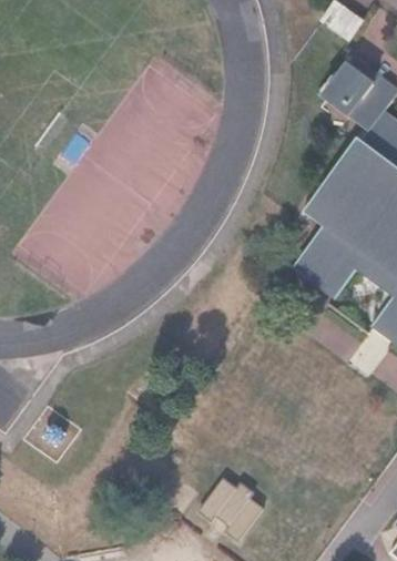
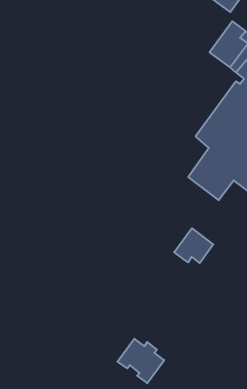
building: none -> [174,228,213,263]

